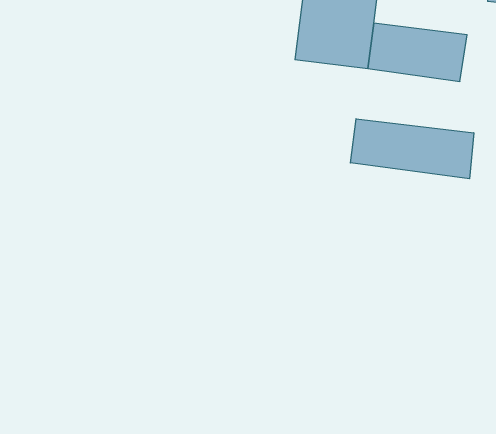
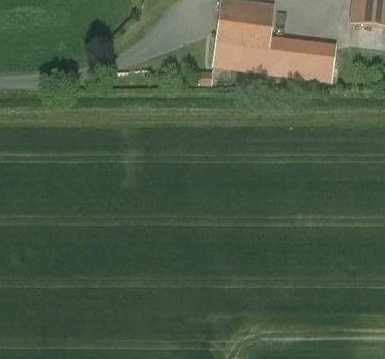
building: [350,119,474,179] -> none

